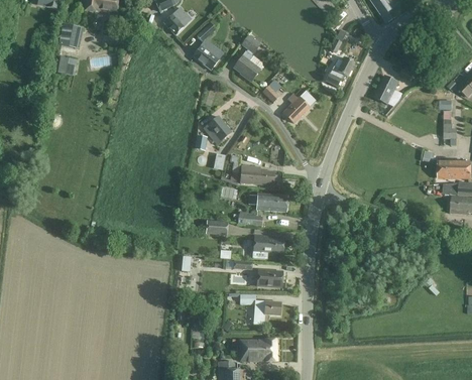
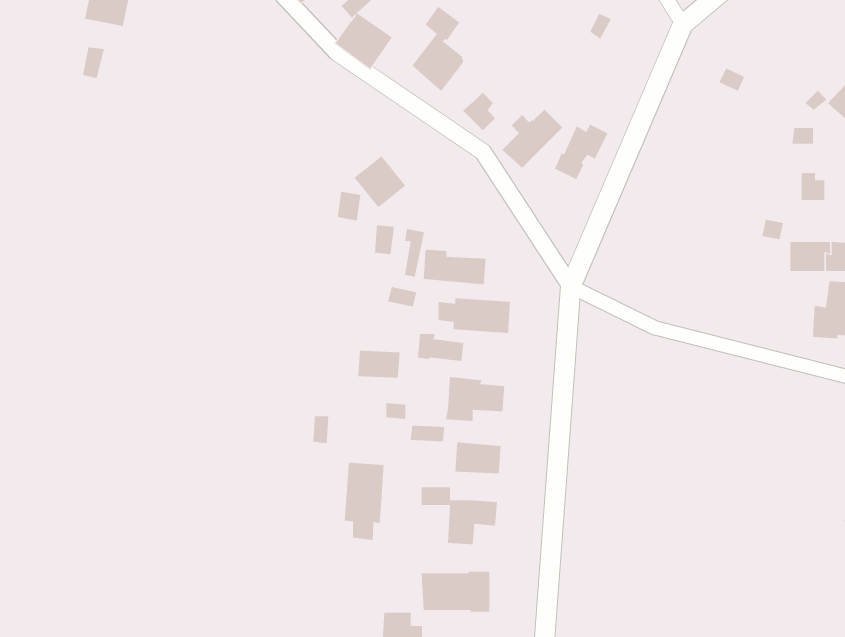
building: [325,56,354,87] -> [554,124,608,180]
building: [374,75,402,106] -> none
building: none -> [344,462,384,541]

